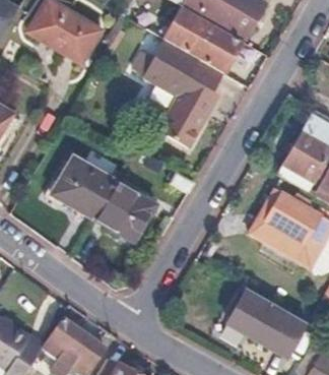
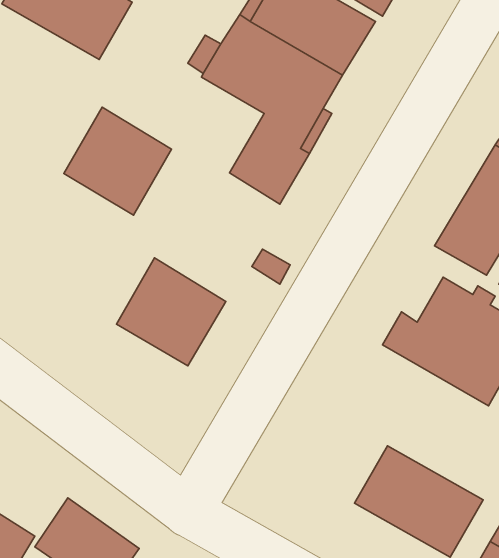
building: [51,155,114,218] -> [64,107,172,215]

